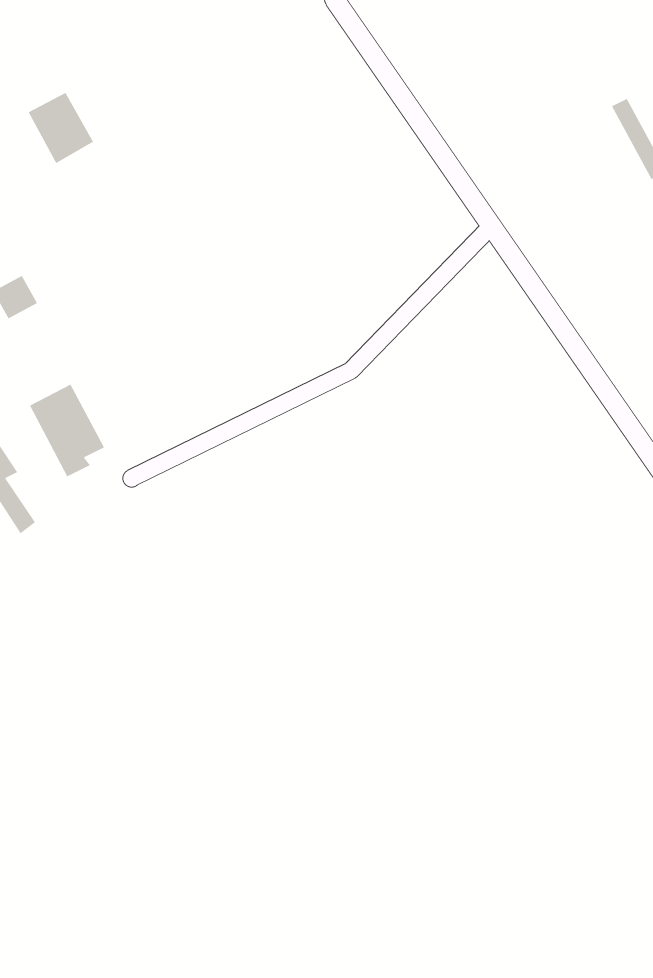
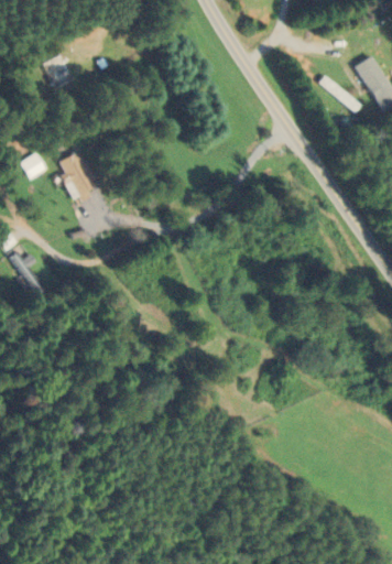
building: [29,384,105,477] -> [55,152,97,204]

